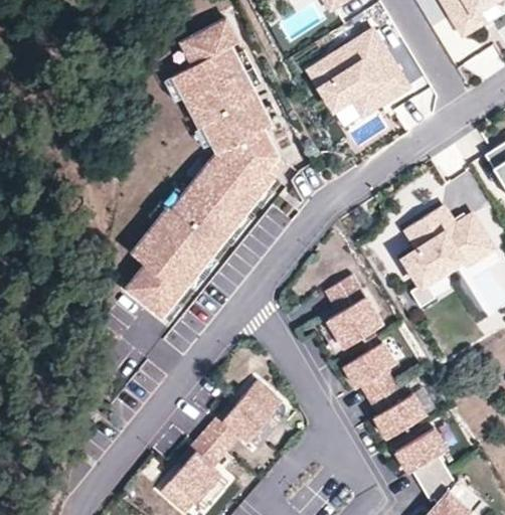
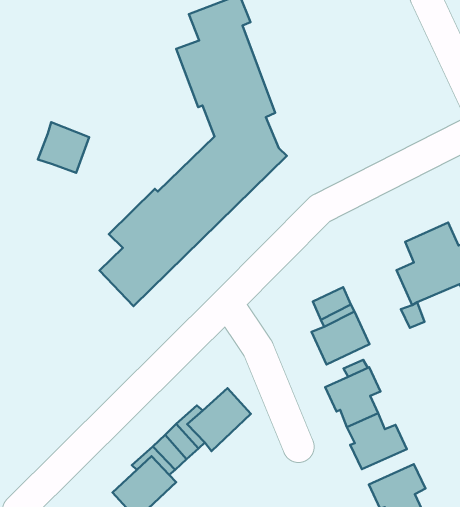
building: [306,28,412,120] -> none
building: none -> [38,122,89,173]

